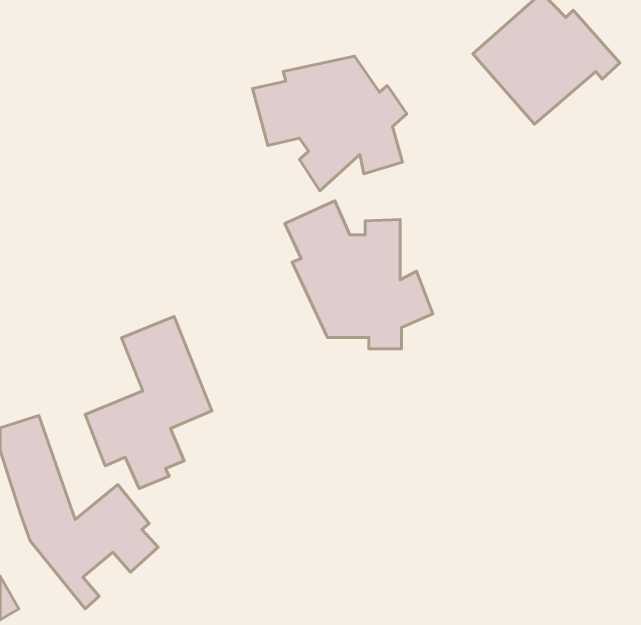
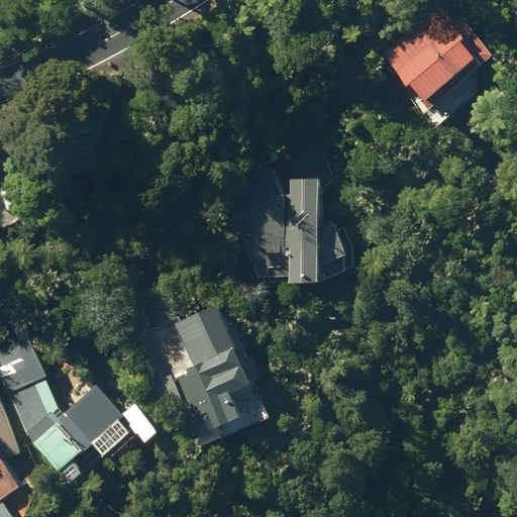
building: [252,56,407,191] -> none
building: [85,317,212,489] -> [152,315,254,453]

